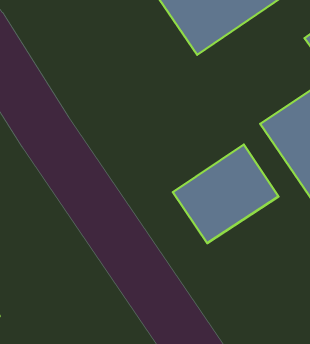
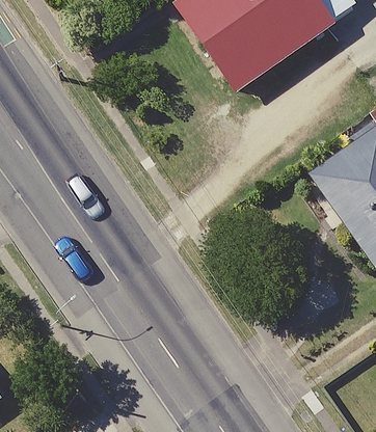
building: [173,145,279,243] -> none

